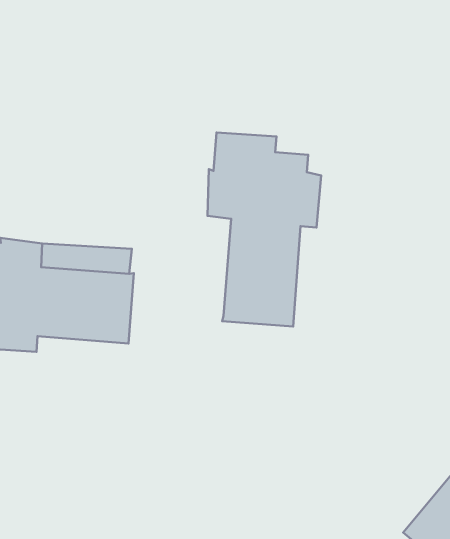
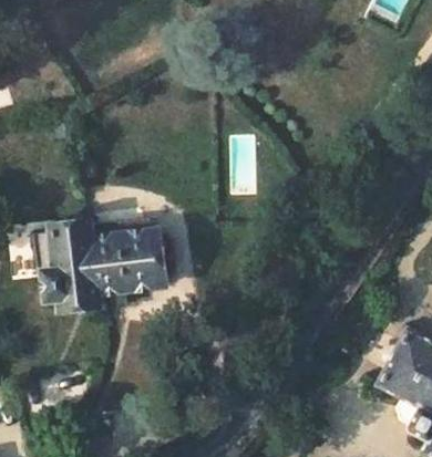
building: [207,133,321,327] -> none

